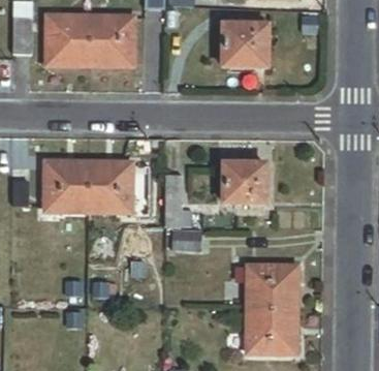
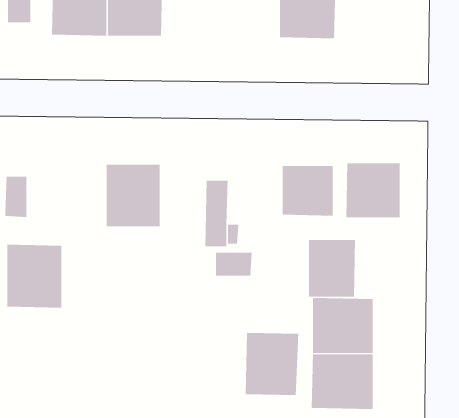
building: none -> [346,162,400,218]
building: [44,161,88,211] -> [6,244,62,308]
building: none -> [309,239,356,297]
building: none -> [245,332,299,396]

